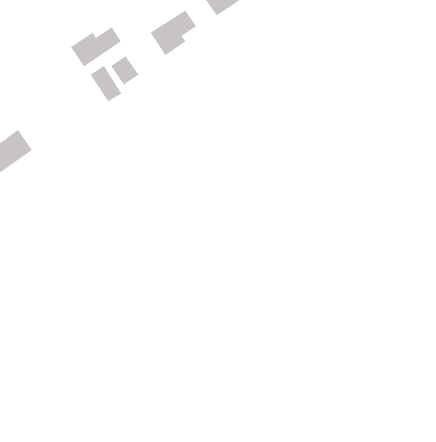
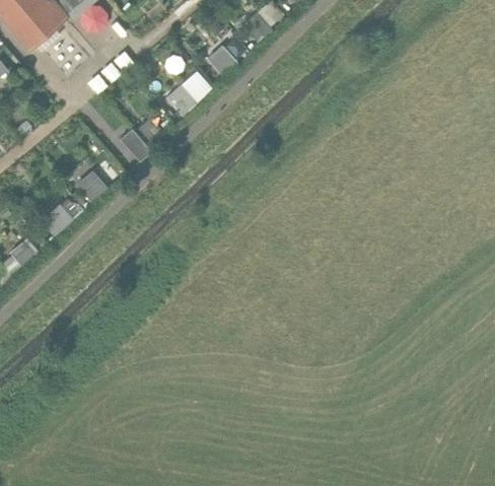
building: [70,26,122,67] -> none
building: none -> [71,169,108,206]

